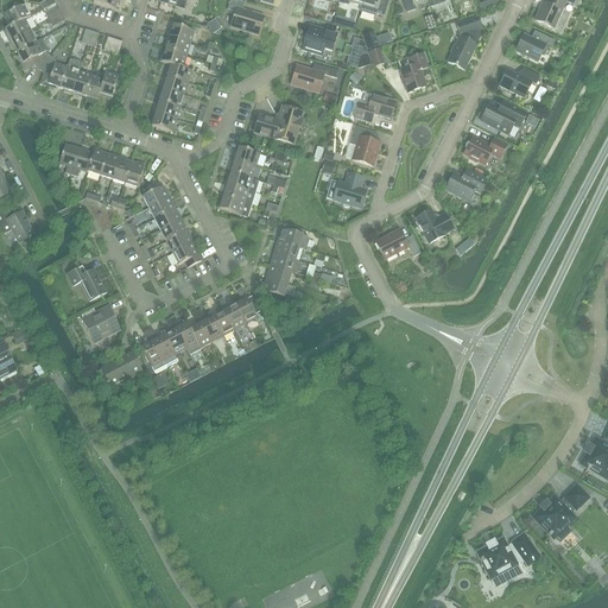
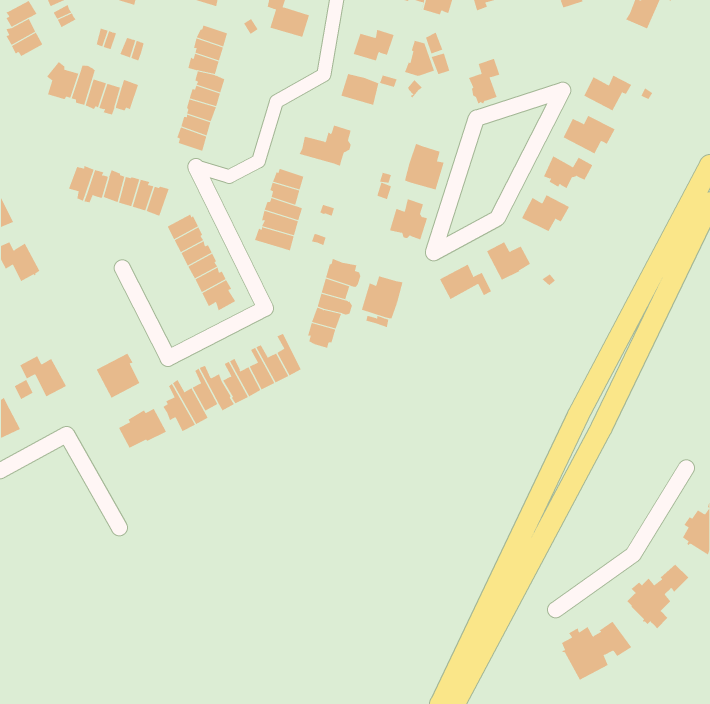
building: [448,14,481,66] -> none
building: [515,28,555,58] -> none
building: [17,36,50,69] -> none
building: [354,91,395,119] -> none
building: none -> [361,275,403,319]
building: [66,264,107,299] -> [19,355,67,397]

